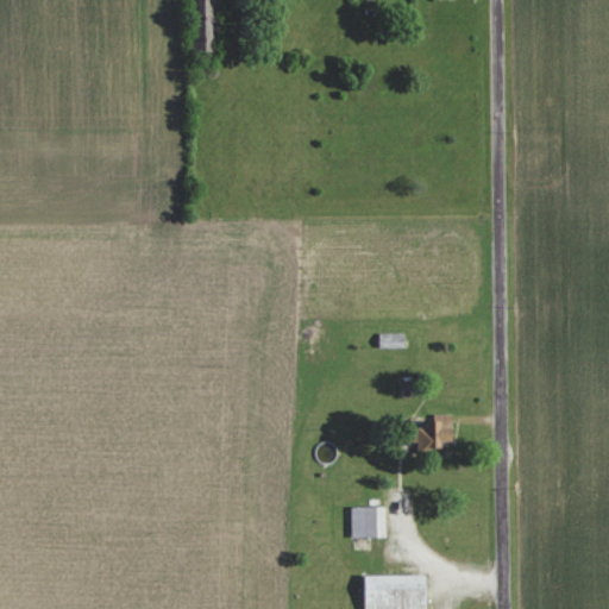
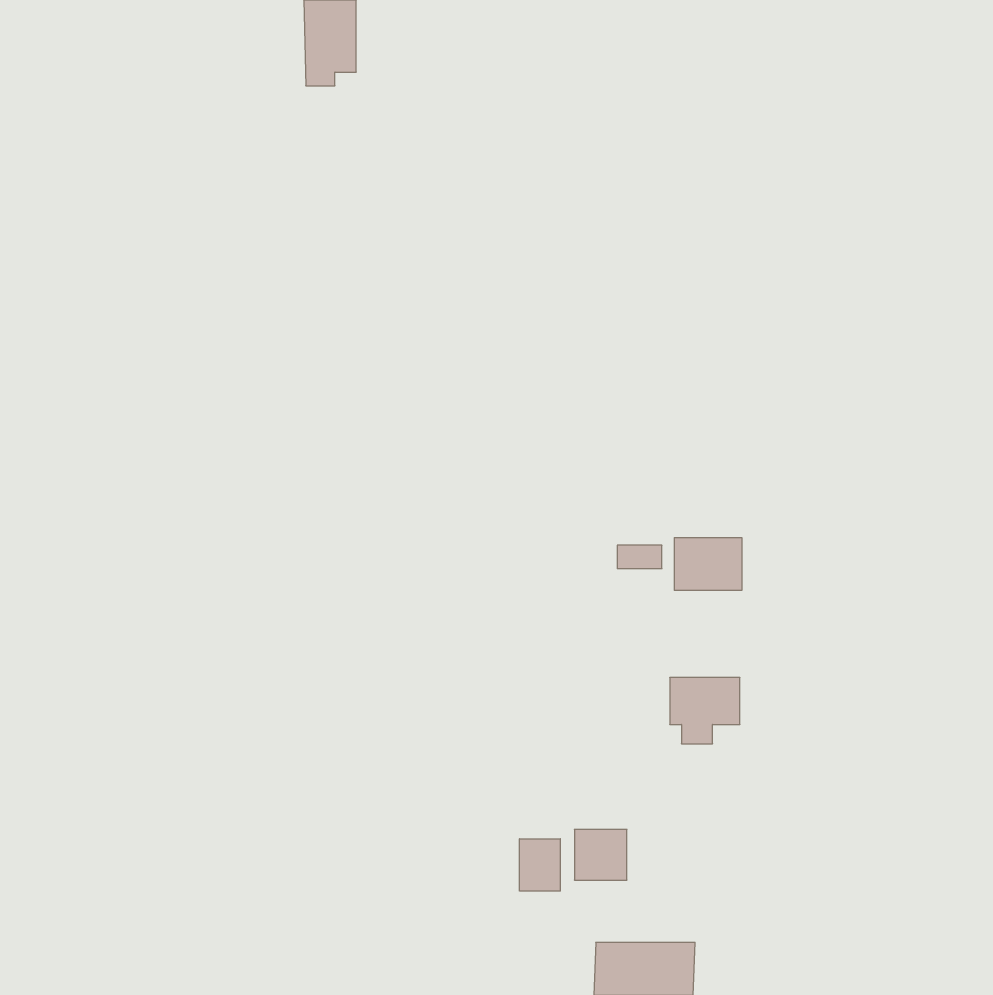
building: none -> [674,538,742,590]
building: none -> [520,839,560,891]

